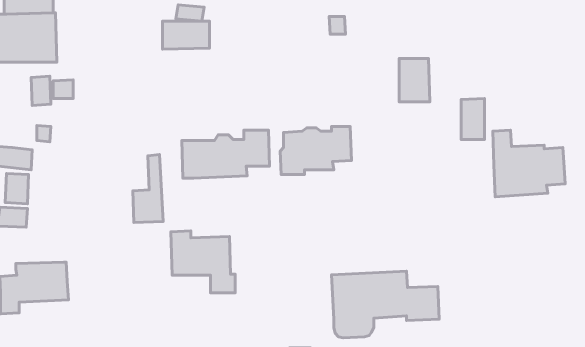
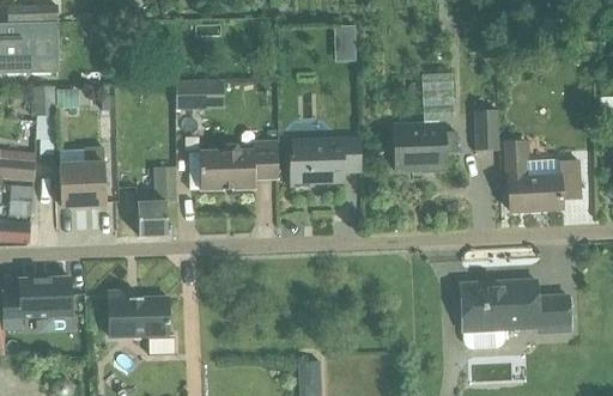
building: [163,21,209,49] -> [175,81,223,110]
building: none -> [393,123,456,171]
building: none -> [59,146,105,208]
building: [171,231,235,293] -> [108,291,174,354]
building: [332,271,439,338] -> [461,281,571,349]

